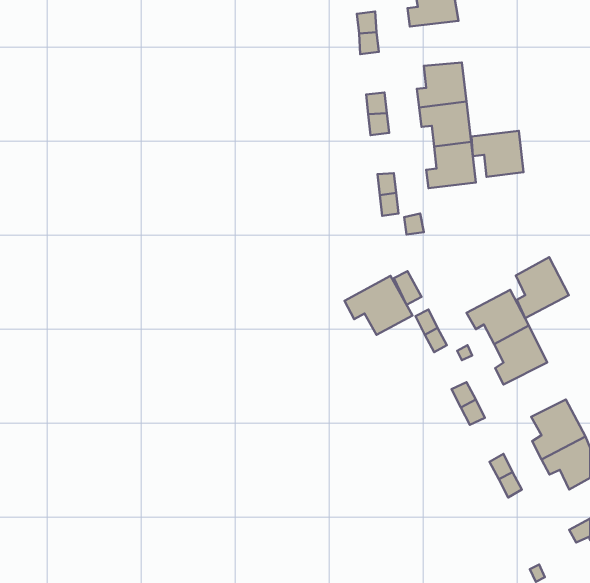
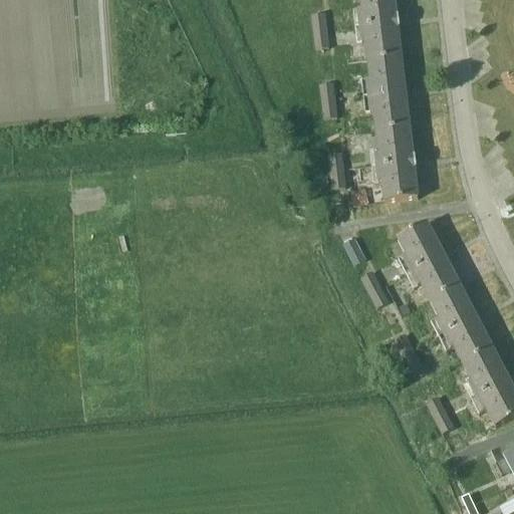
building: none -> [356,18,402,57]
building: [472,131,523,177] -> [372,159,418,199]
building: [516,257,569,318] -> [398,219,444,272]
building: [345,276,412,335] -> none
building: none -> [438,315,492,362]

